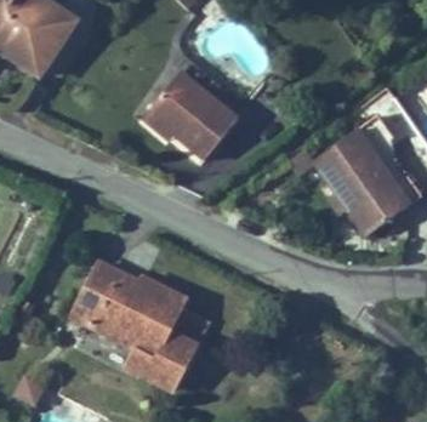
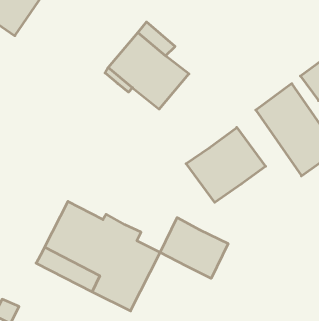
building: none -> [186,127,266,202]
building: none -> [160,218,228,278]

